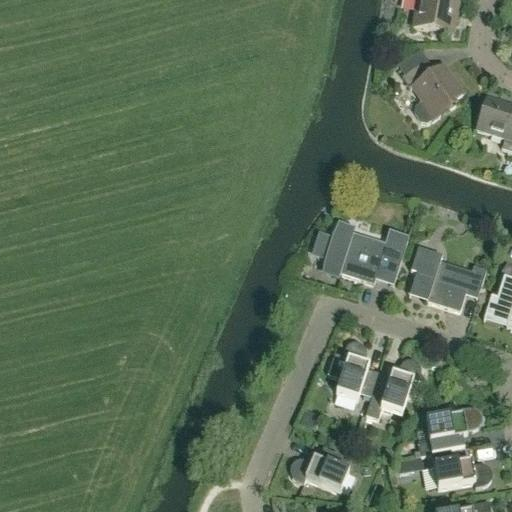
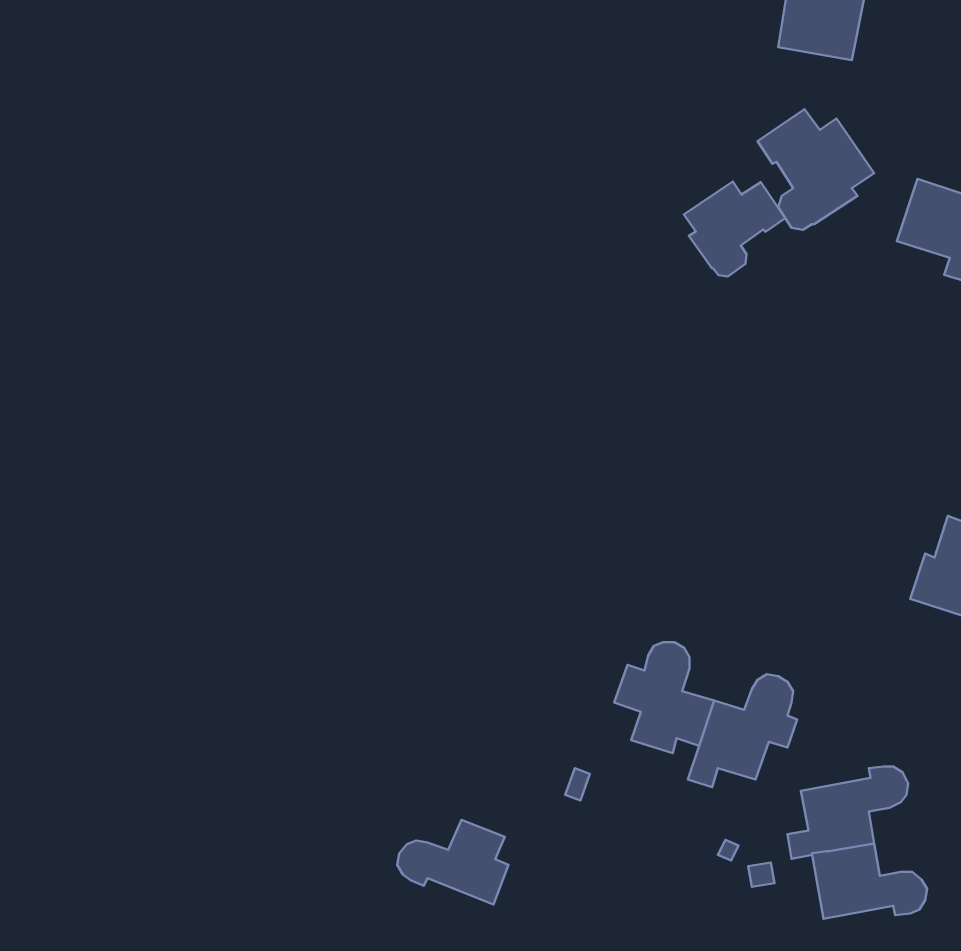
building: none -> [684,182,785,276]
building: [316,227,409,283] -> none
building: [410,247,487,311] -> none
building: [290,447,349,492] -> [397,820,508,905]

